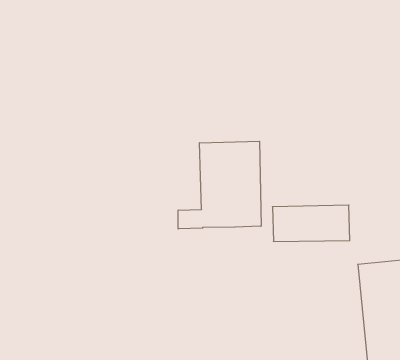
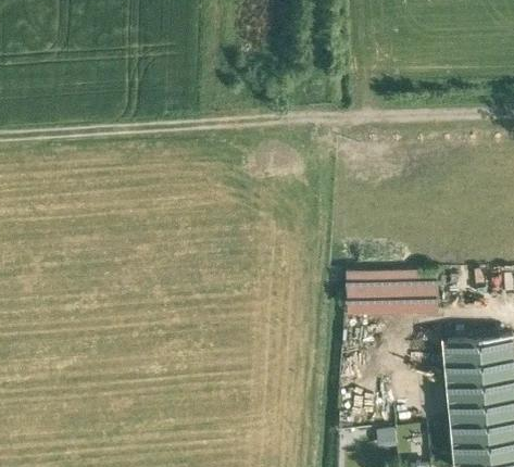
building: [178,141,261,229] -> none

